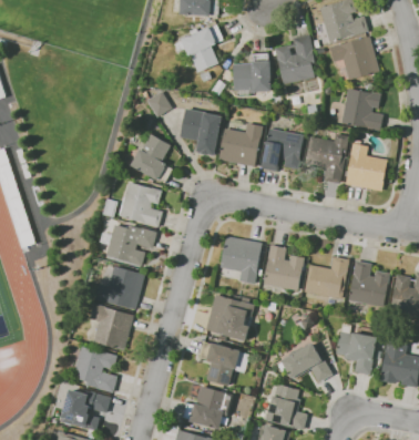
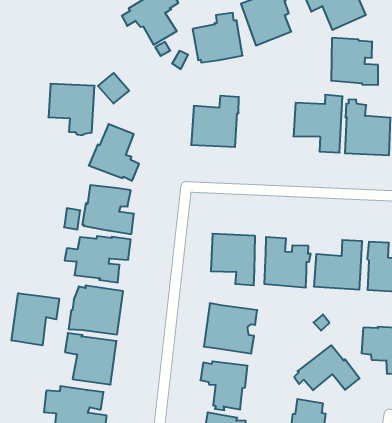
building: [180,109,222,155] -> [48,84,95,135]
building: [260,129,303,171] -> none
building: none -> [12,293,59,345]

